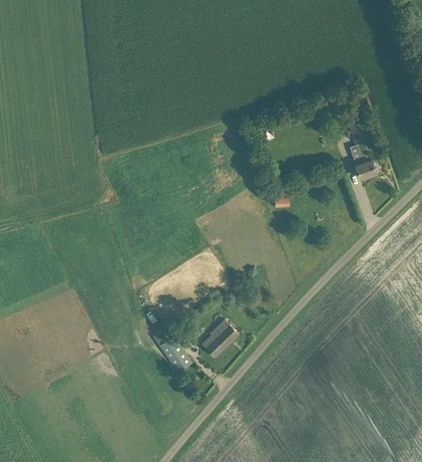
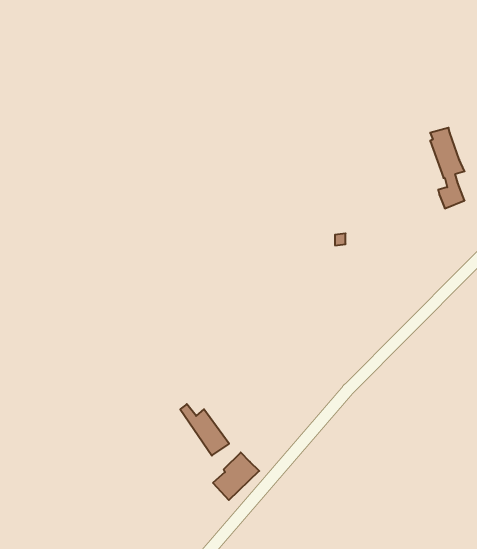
building: [201,319,237,357] -> [213,452,259,500]

